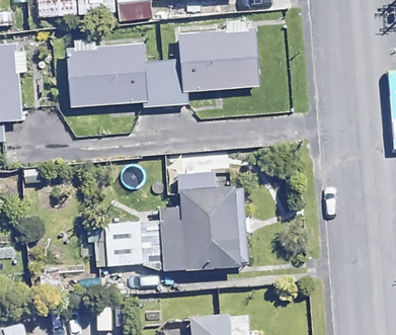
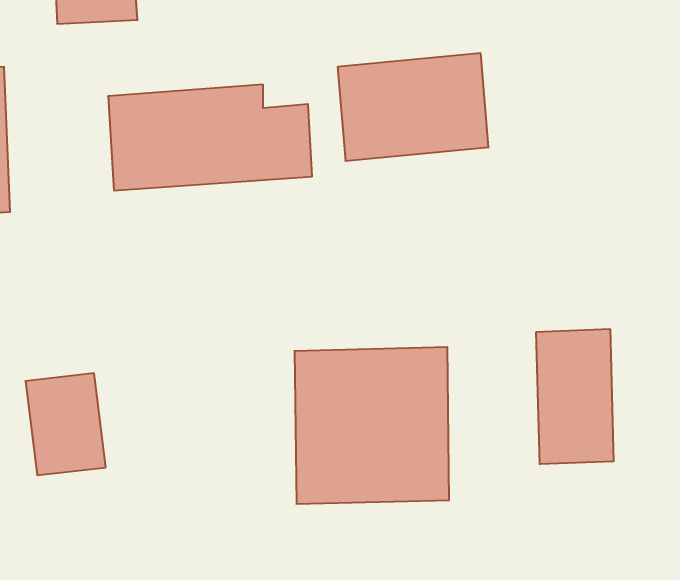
building: none -> [536,329,614,464]
building: [106,225,148,277] -> [25,373,106,475]

